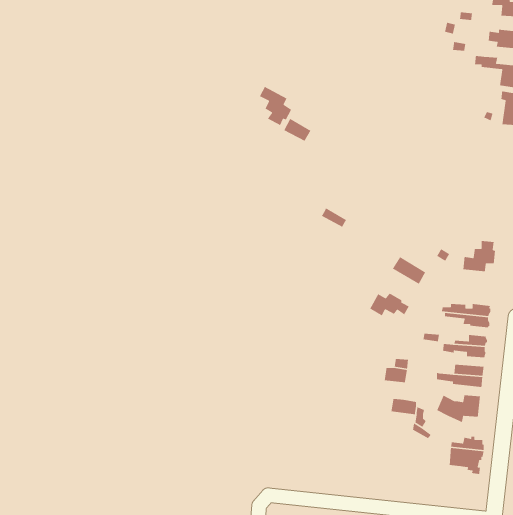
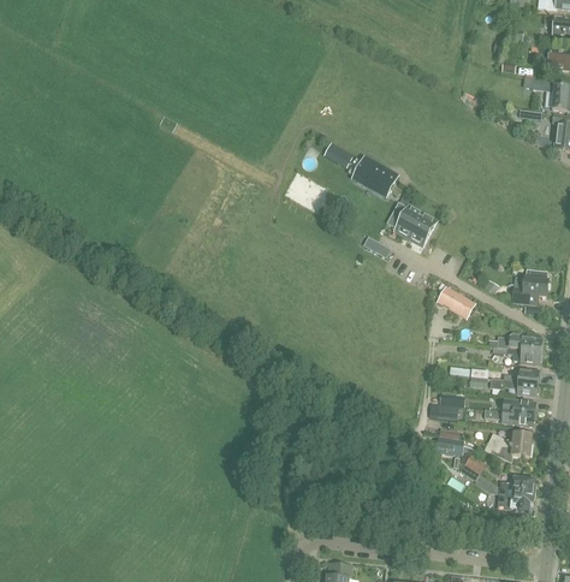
building: [259,86,292,126] -> none
building: none -> [354,156,397,195]
building: none -> [393,203,437,244]
building: [369,292,410,317] -> none

